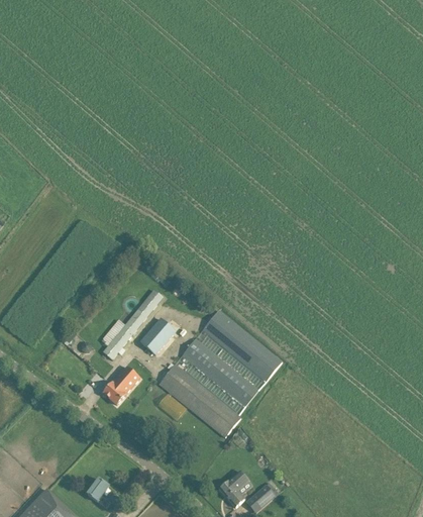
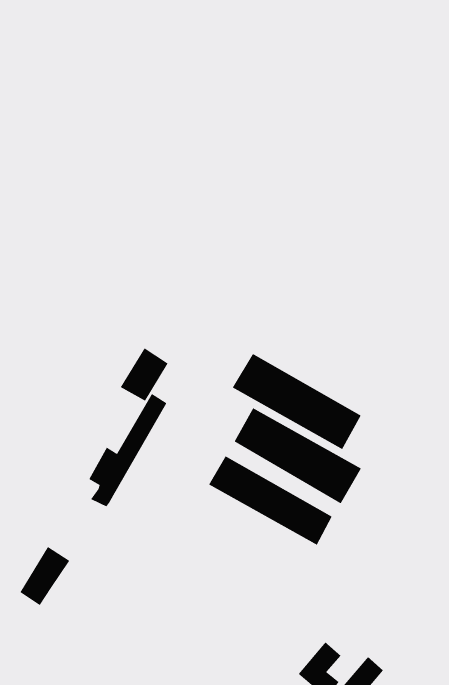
building: [139,319,174,354] -> [120,348,169,401]
building: [157,365,239,437] -> [232,353,362,450]
building: [103,367,139,405] -> [20,546,70,606]

